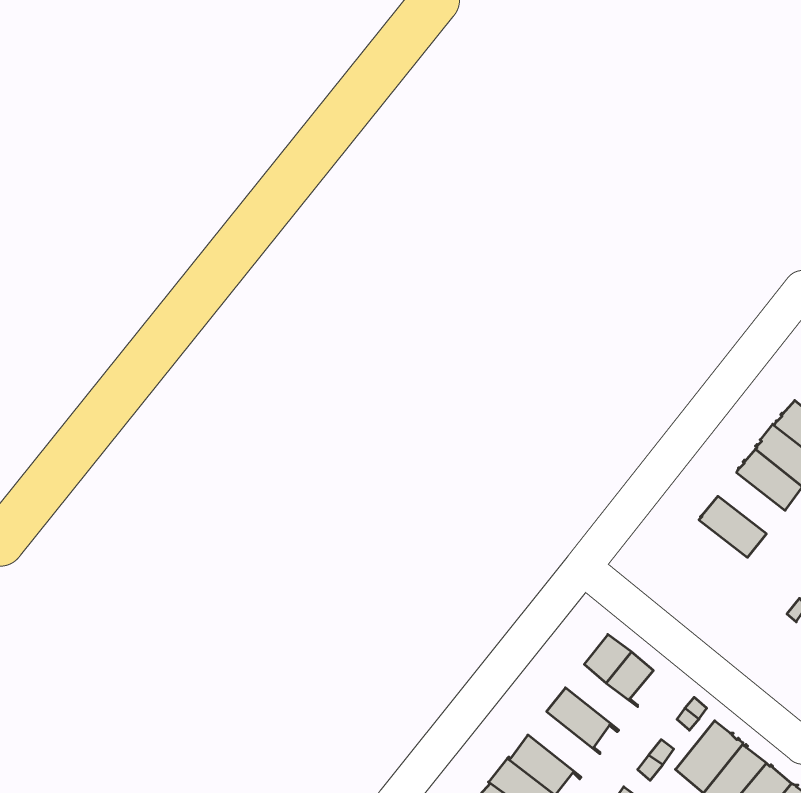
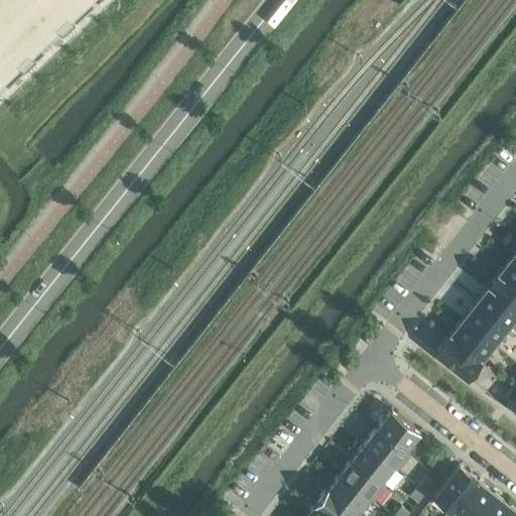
building: none -> [462,309,505,349]
building: none -> [435,340,481,382]
building: none -> [364,432,410,475]
building: none -> [340,463,386,505]

